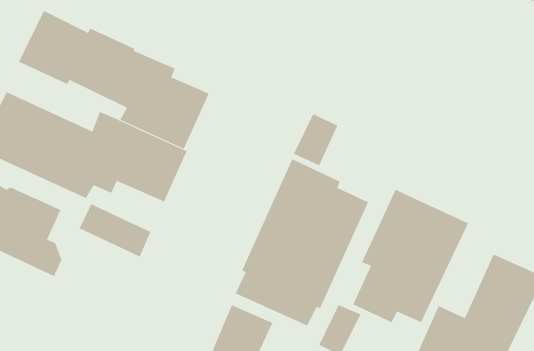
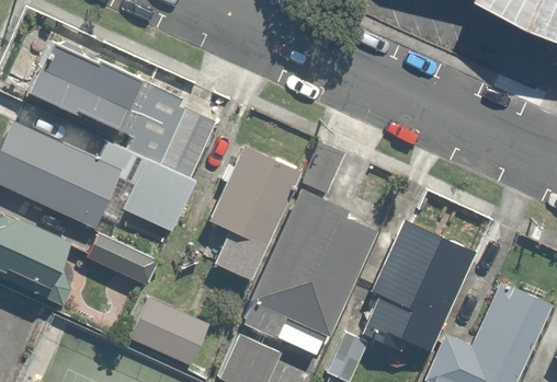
building: none -> [209,144,302,279]
building: none -> [130,297,212,366]

